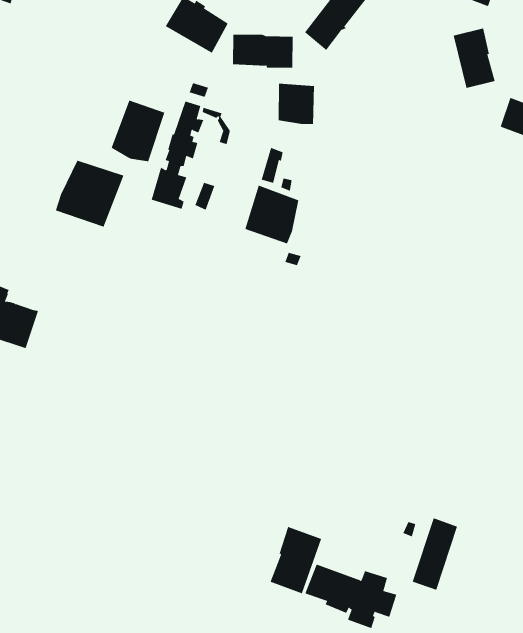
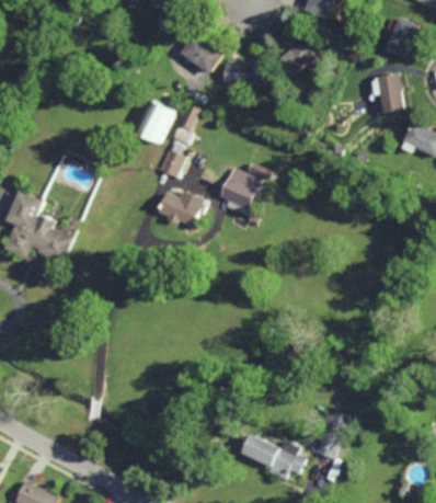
building: [278,83,315,125] -> none
building: [55,160,124,227] -> none
building: none -> [159,193,202,227]
building: [270,526,322,594] -> none

